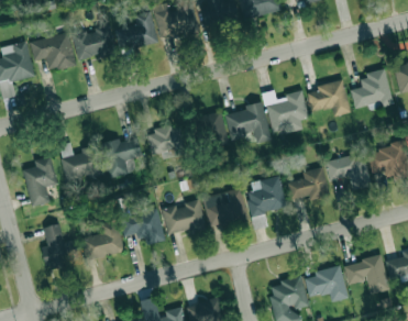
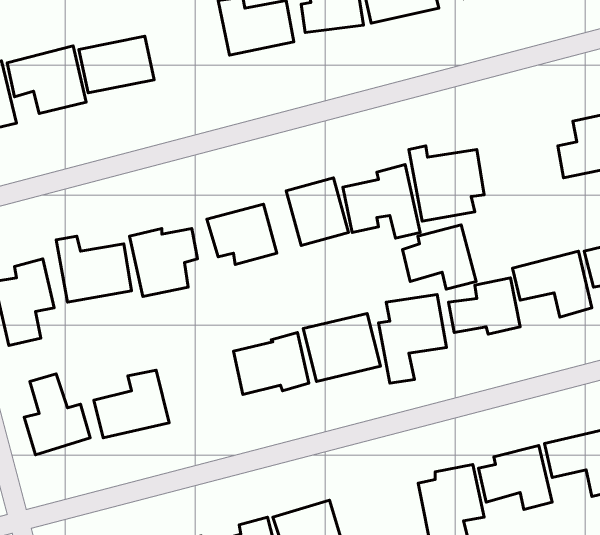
building: [115,12,158,51] -> none
building: [308,79,351,117] -> [403,225,476,289]
building: [119,209,165,245] -> none

